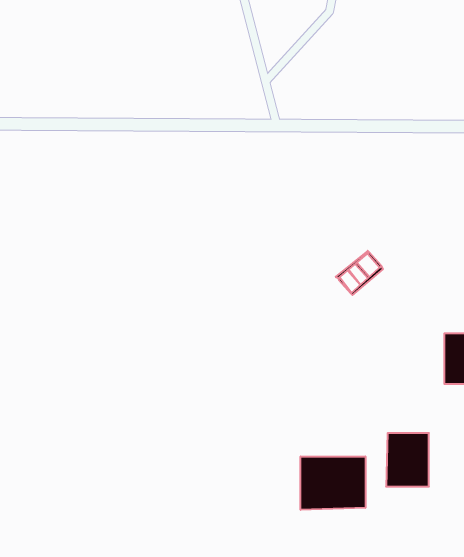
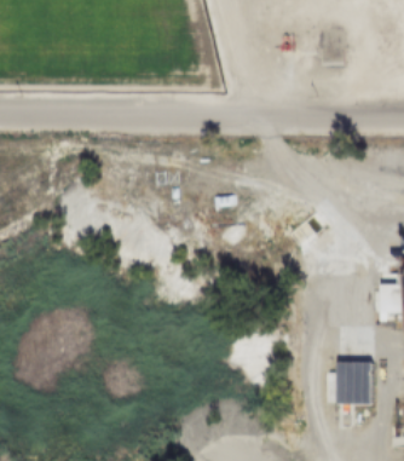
building: [301,456,365,510] -> none

